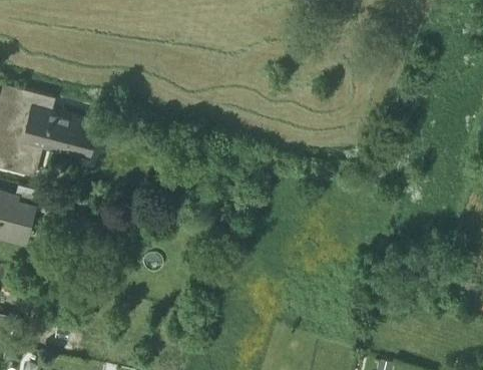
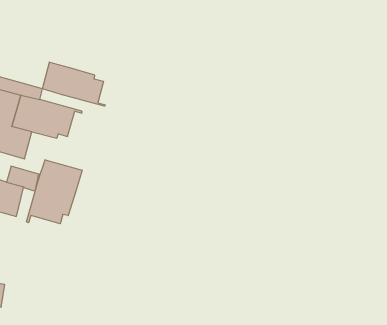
building: none -> [42,62,105,106]
building: none -> [27,160,82,224]

